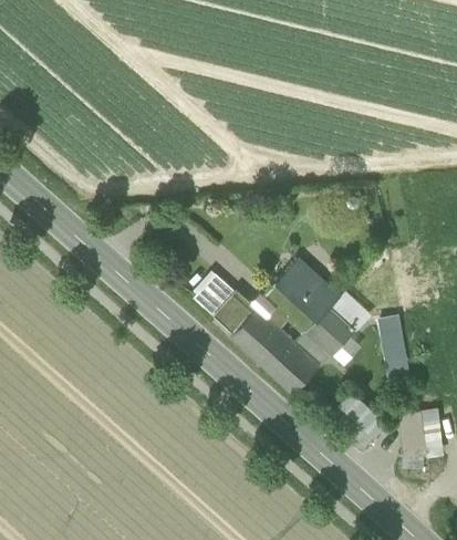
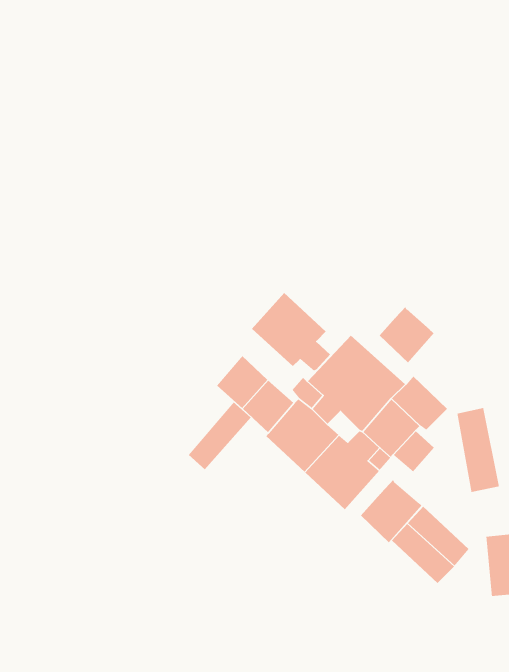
building: none -> [251,292,331,372]
building: none -> [379,306,435,364]
building: none -> [188,402,252,470]
building: none -> [360,479,422,543]

